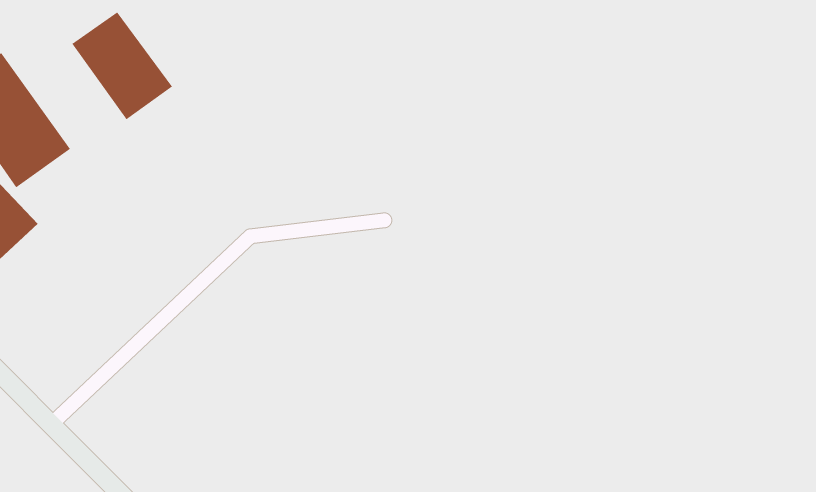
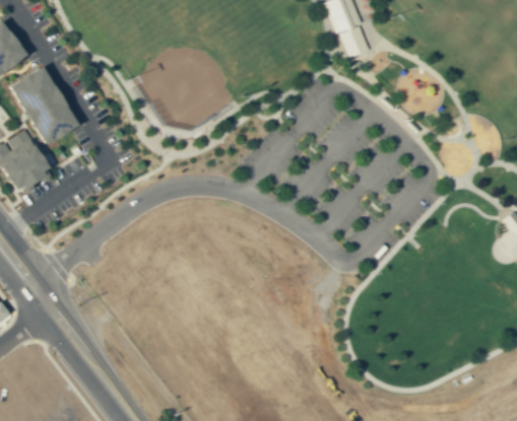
building: [72,12,173,120] -> none

